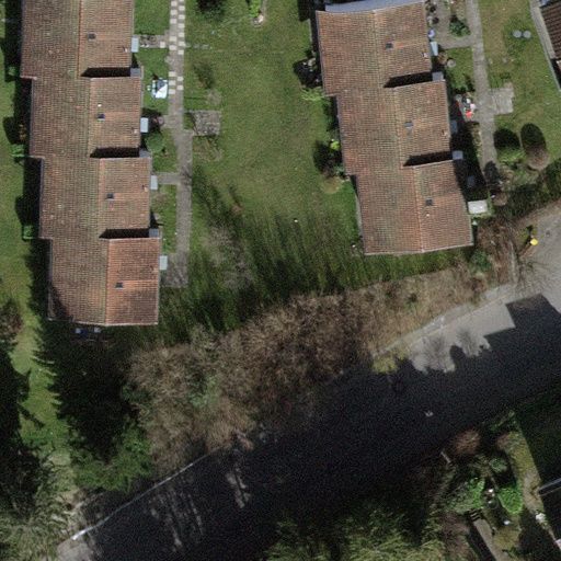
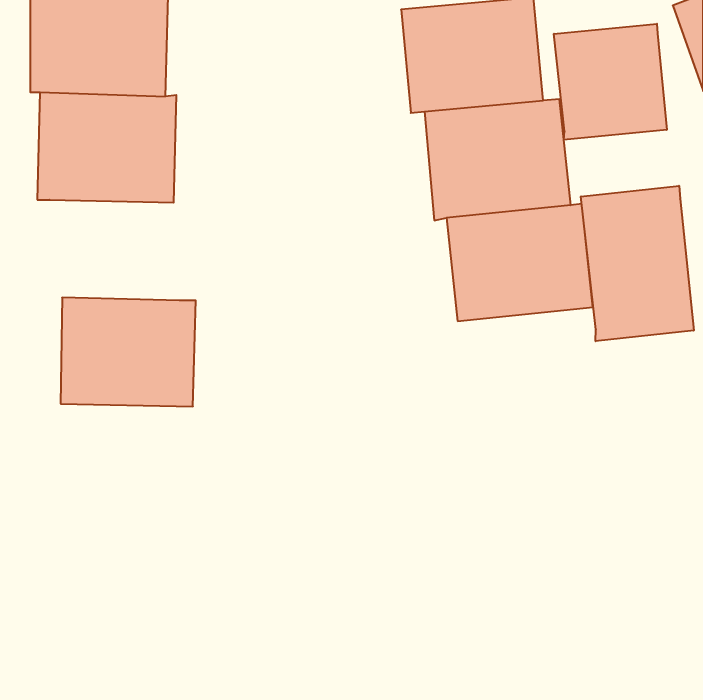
building: none -> [554,24,667,140]
building: none -> [581,186,694,341]
building: [38,159,145,239] -> none

